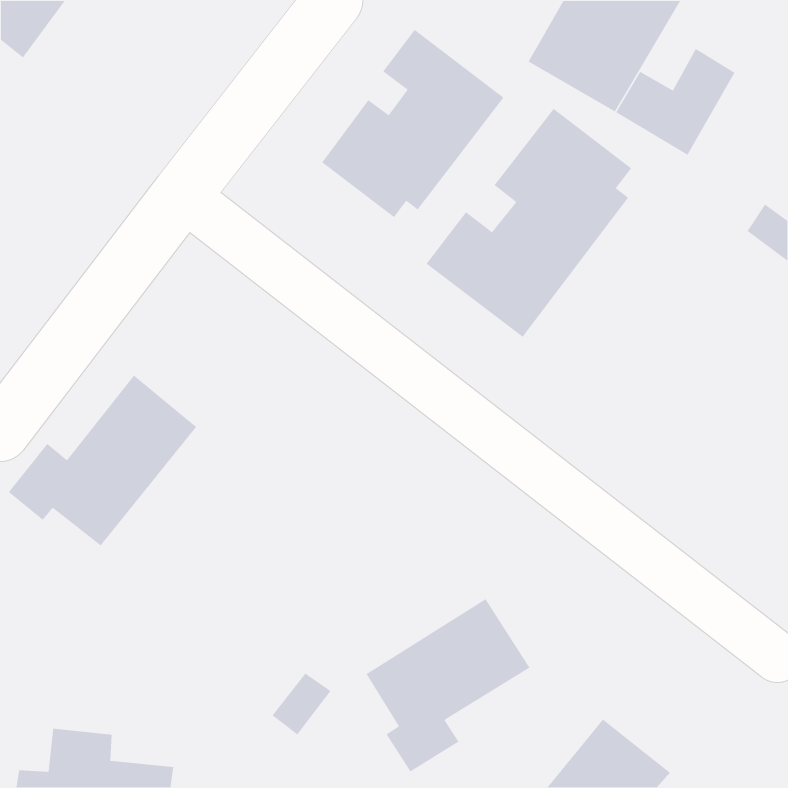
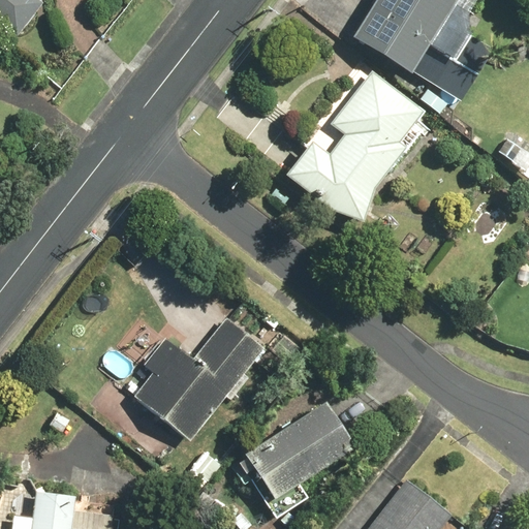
building: [321,29,504,218] -> none
building: [8,375,197,547] -> none
building: none -> [133,316,267,440]

